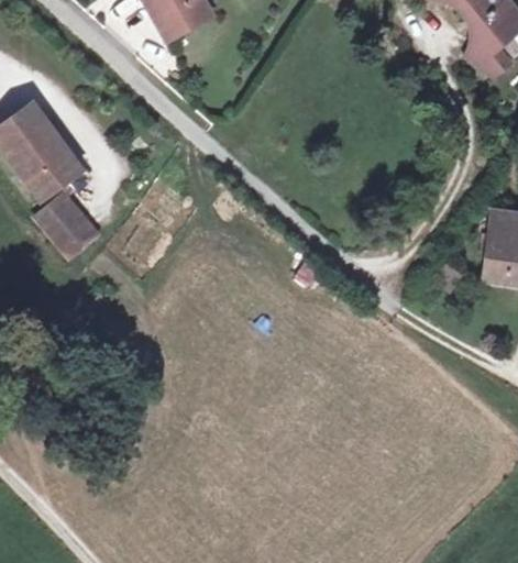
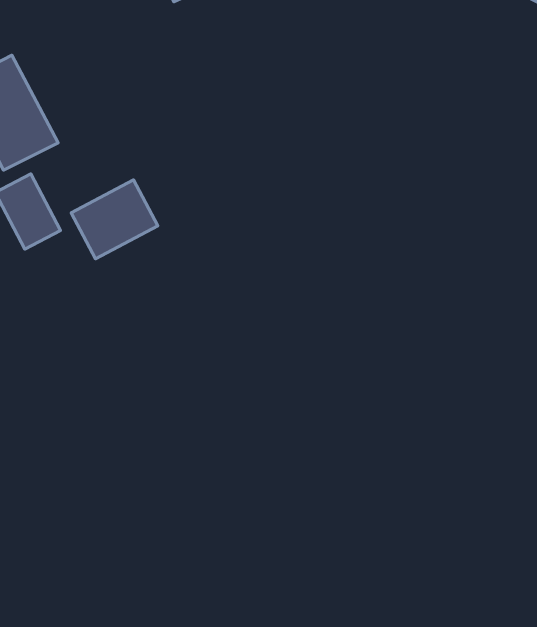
building: none -> [71,180,158,259]

